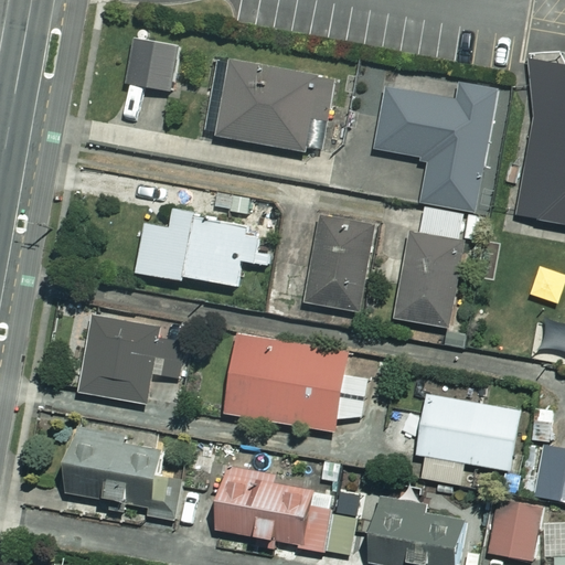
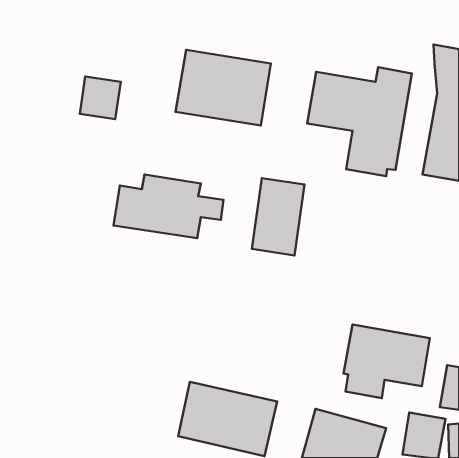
building: [127,40,177,92] -> [80,76,121,119]
building: [394,205,469,327] -> none
building: [79,317,181,402] -> none
building: [226,333,397,431] -> none
building: [66,427,182,520] -> none

